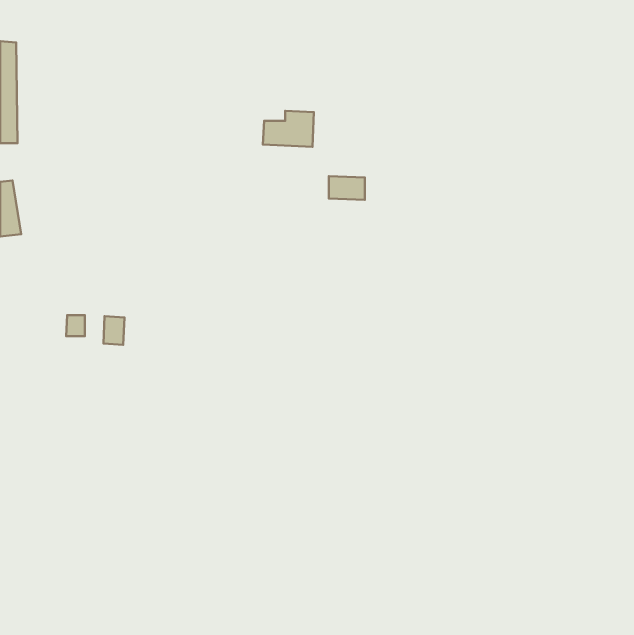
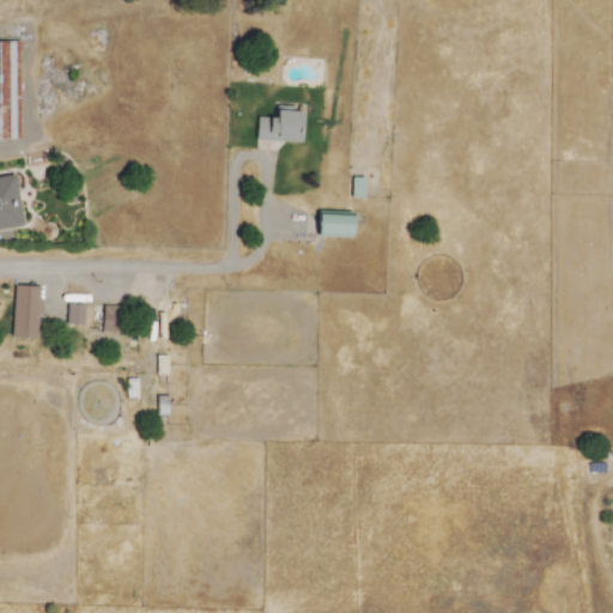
building: [329,176,365,200] -> [317,214,352,237]
building: none -> [11,285,41,338]

